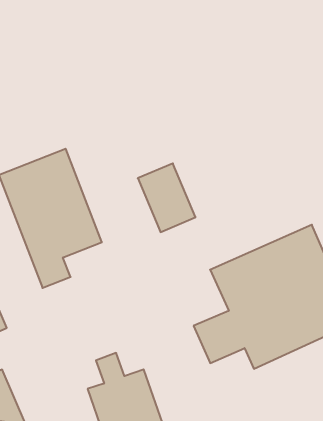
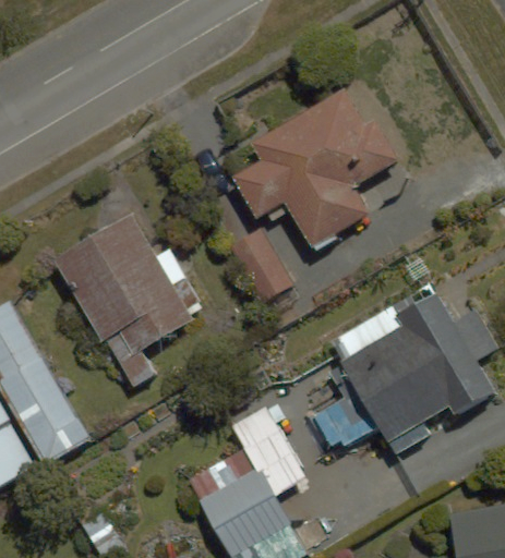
building: none -> [231,84,392,255]

